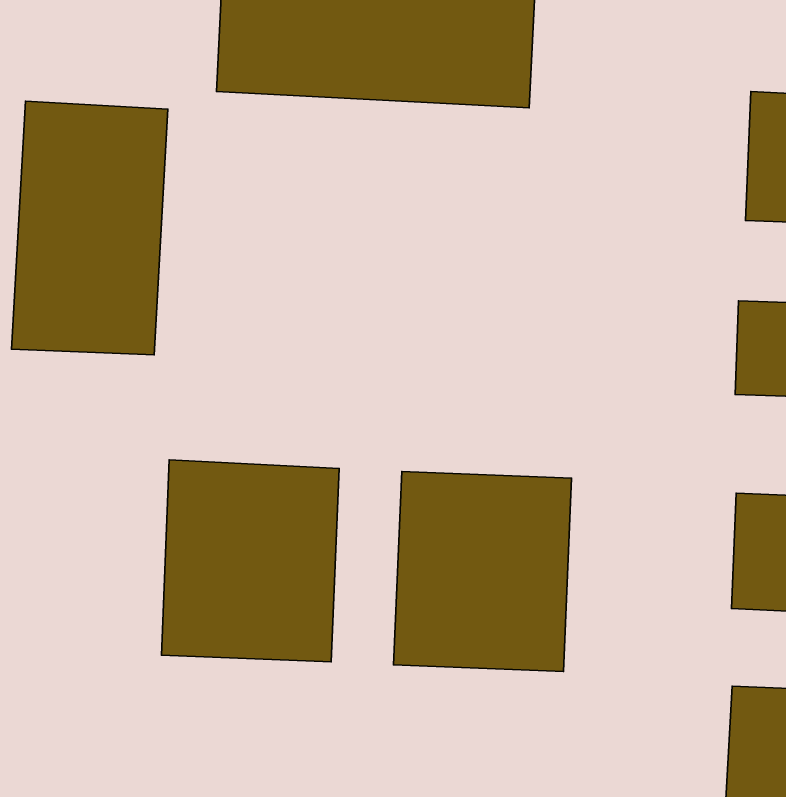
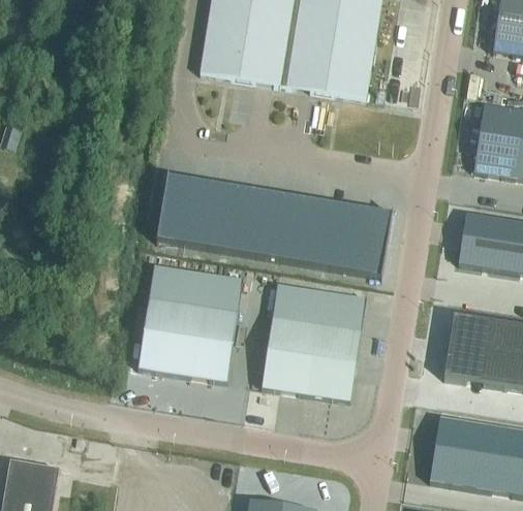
building: [11,101,168,355] -> none
building: none -> [156,172,393,278]

